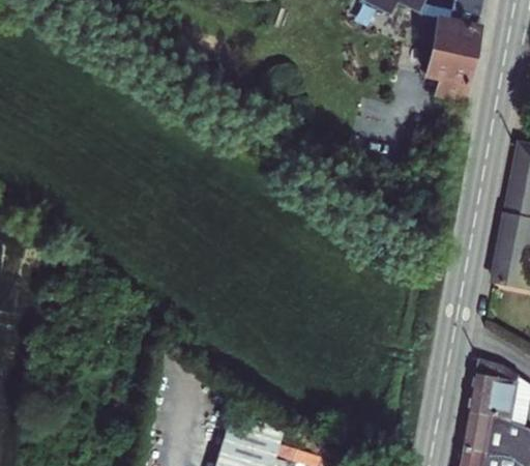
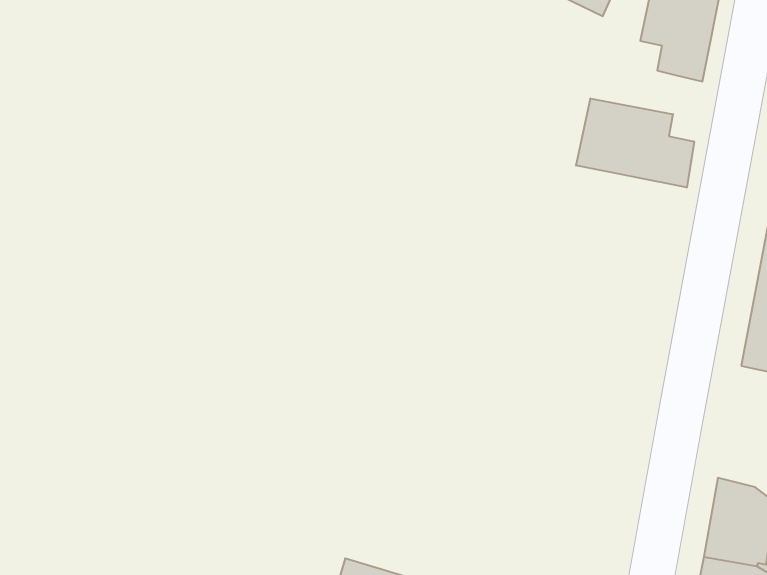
building: none -> [576,98,694,188]

